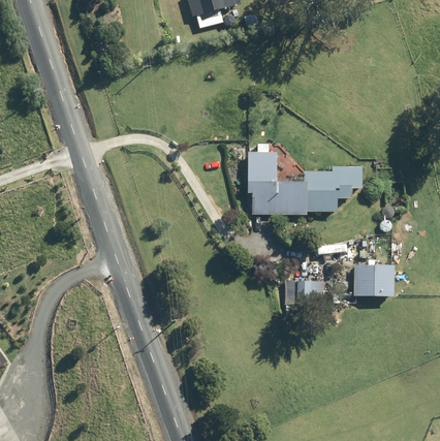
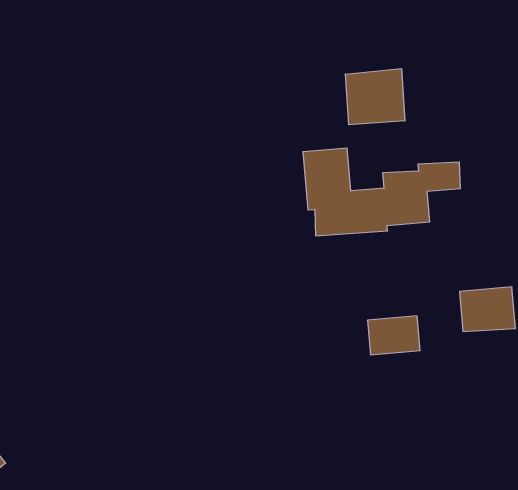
building: none -> [345,69,405,125]

